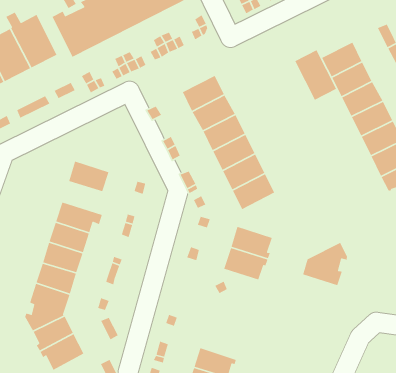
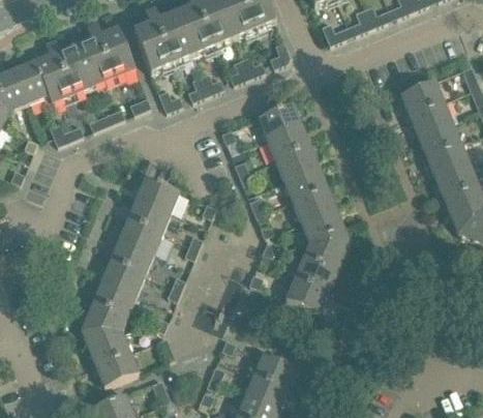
building: [294,49,337,101] -> none
building: none -> [127,197,170,233]
building: [302,242,348,286] -> [302,226,350,270]
building: none -> [254,354,297,390]

